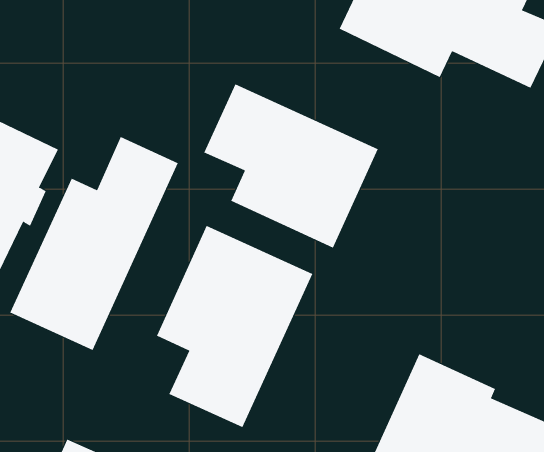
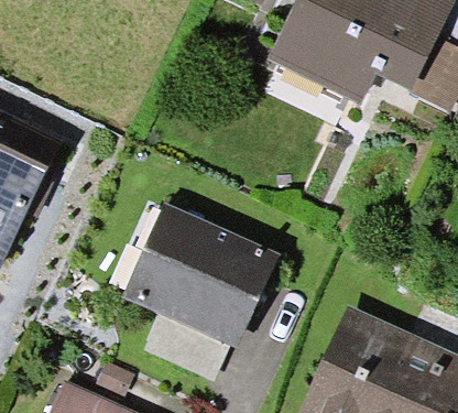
building: [203,84,379,248] -> none
building: [10,136,179,351] -> none

